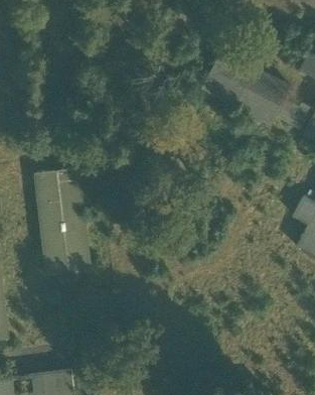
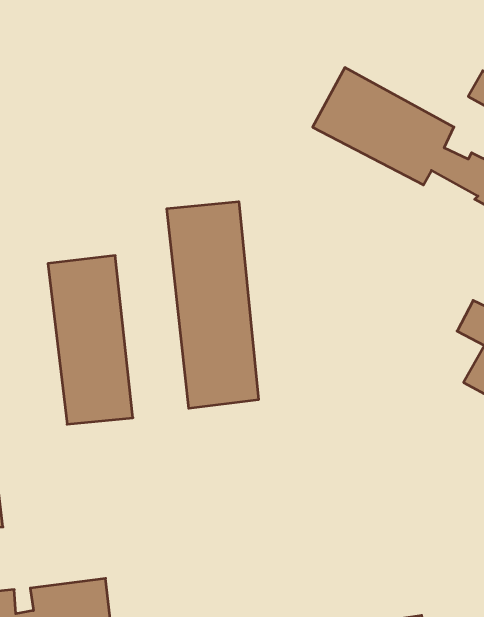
building: none -> [167,202,258,408]

